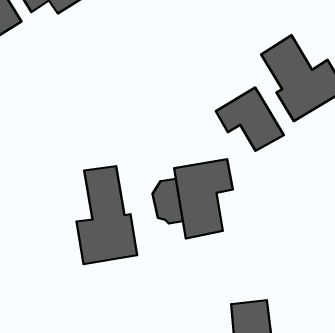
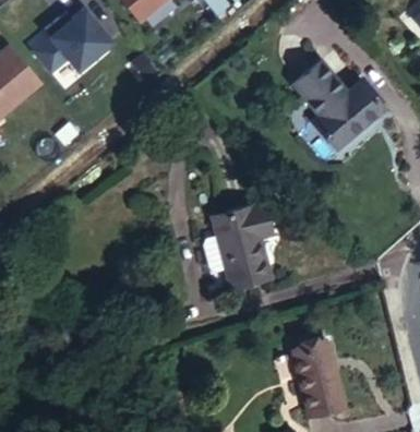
building: [216,87,284,151] -> none
building: [77,166,137,264] -> none

